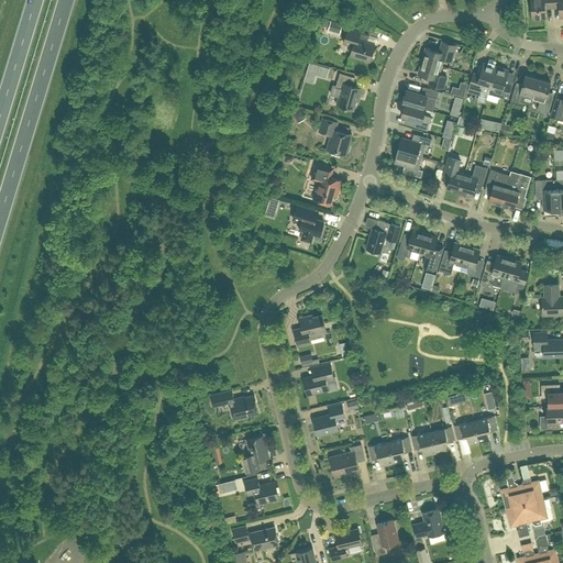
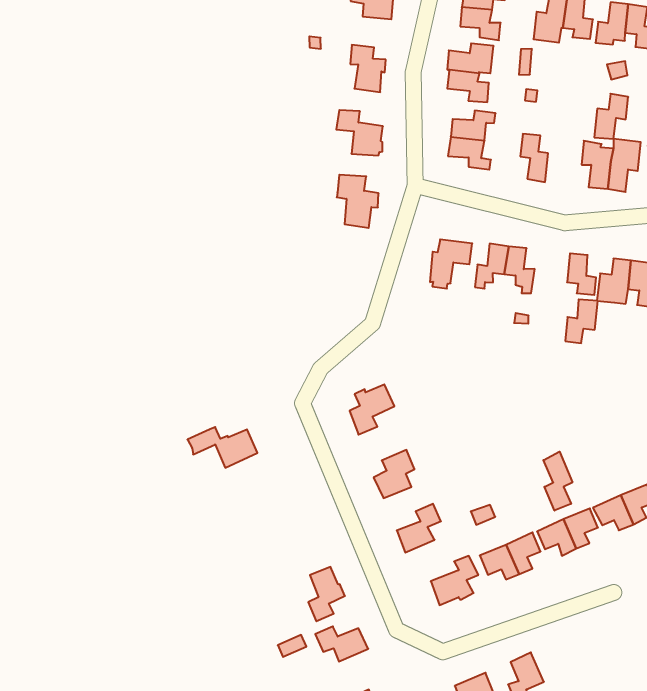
building: [459,165,487,197] -> [594,94,628,139]
building: [292,207,324,243] -> none
building: [440,243,467,274] -> [565,299,598,343]
building: none -> [543,452,572,511]
building: [211,390,258,420] -> [187,427,257,468]
building: [413,509,444,538] -> none

